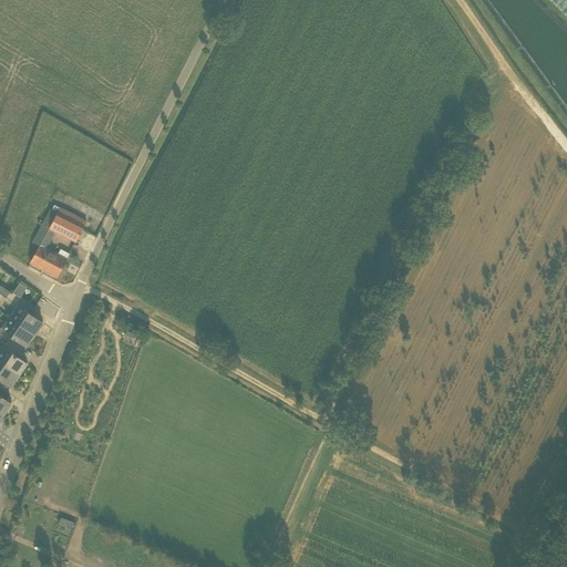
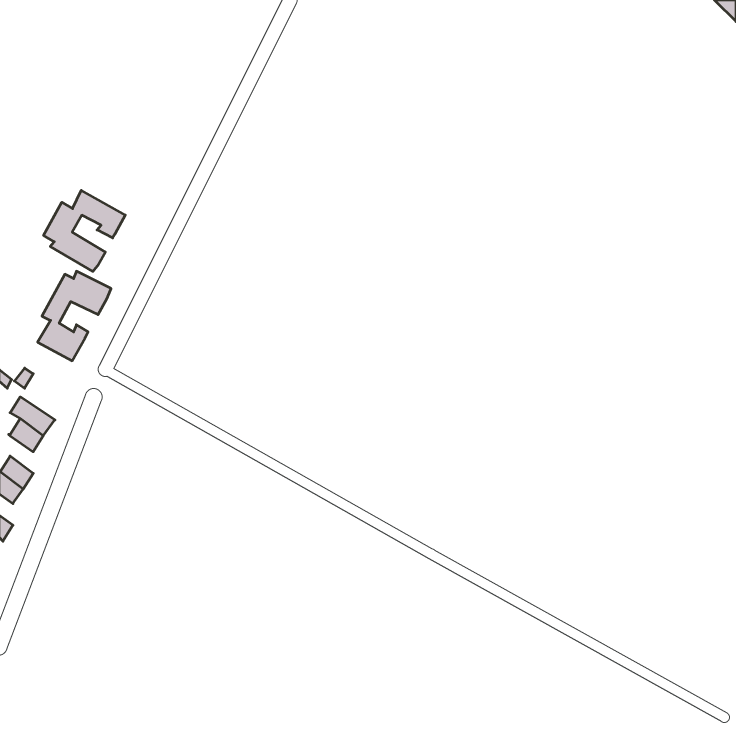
building: none -> [44,190,125,271]

